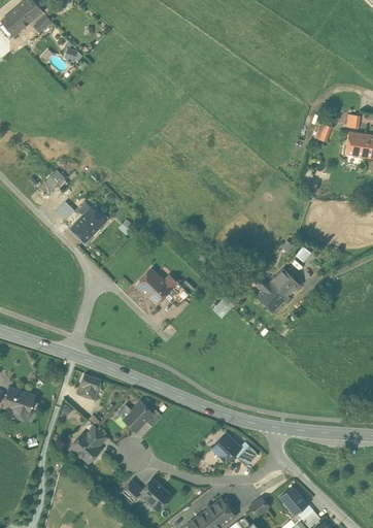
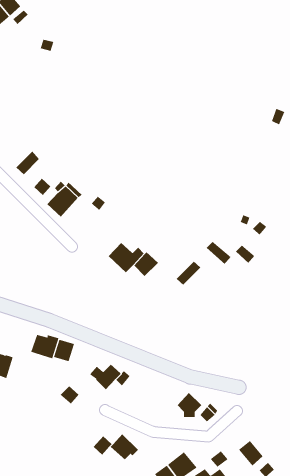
building: [261,279,291,310] -> none
building: none -> [30,334,59,359]
building: [71,434,99,461] -> none

